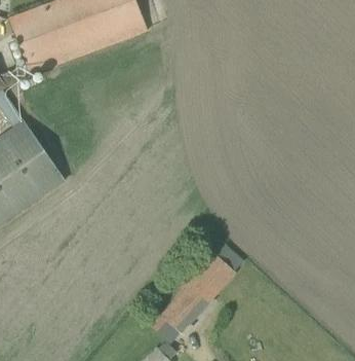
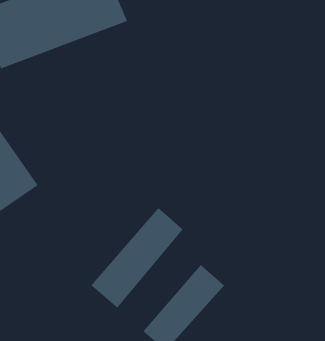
building: none -> [90,207,184,309]

